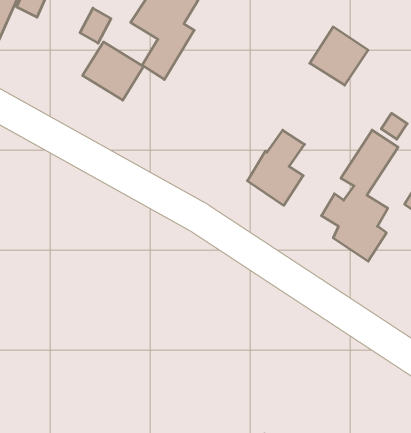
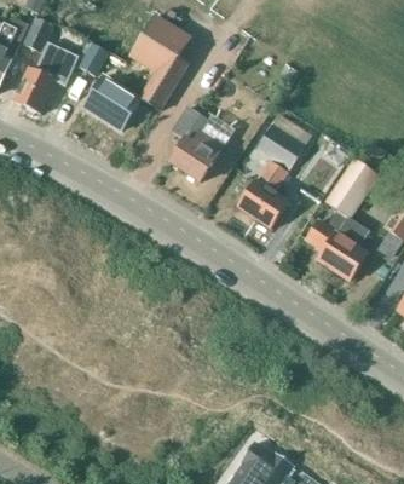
building: none -> [12,51,69,114]
building: [310,27,368,85] -> [259,115,313,169]
building: none -> [169,105,235,182]

